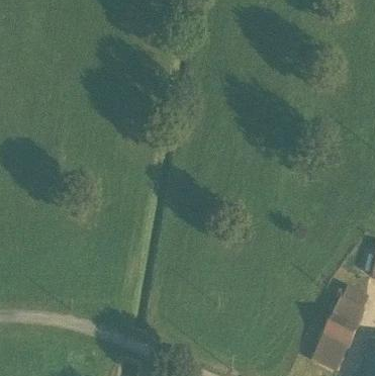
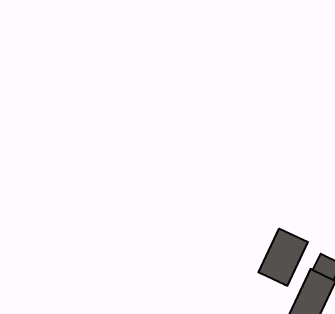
building: none -> [258,229,308,286]

